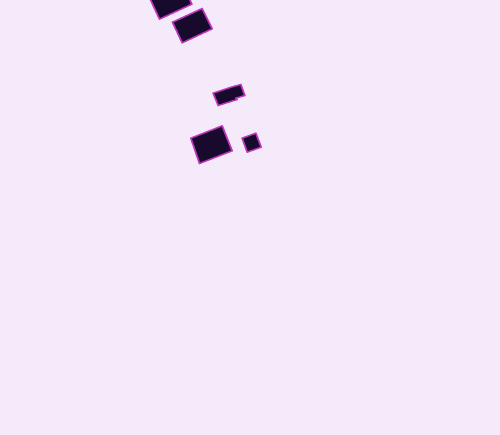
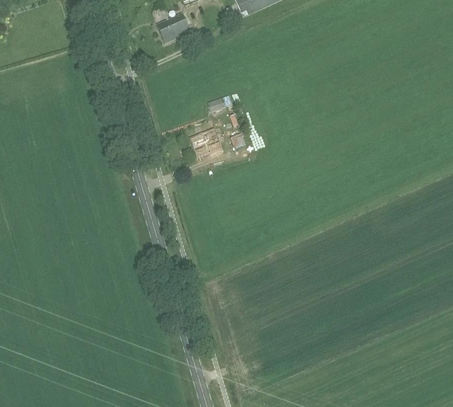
building: [172,8,212,43] -> none

